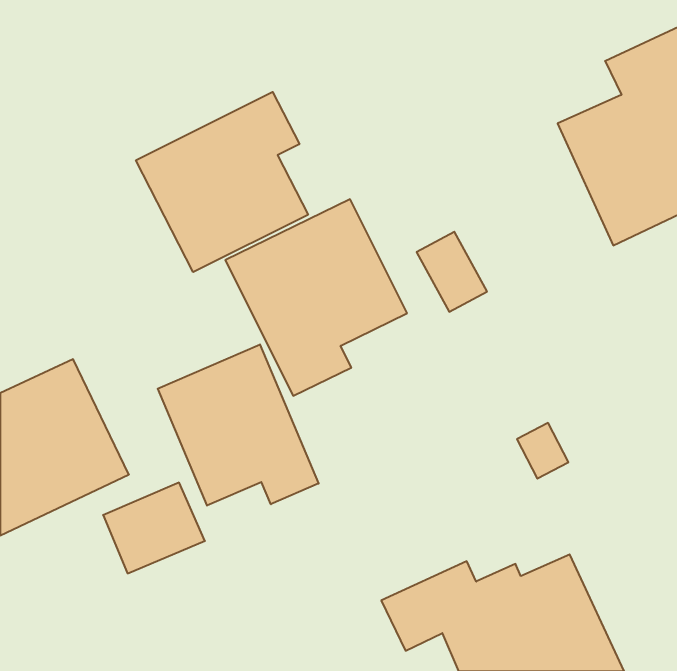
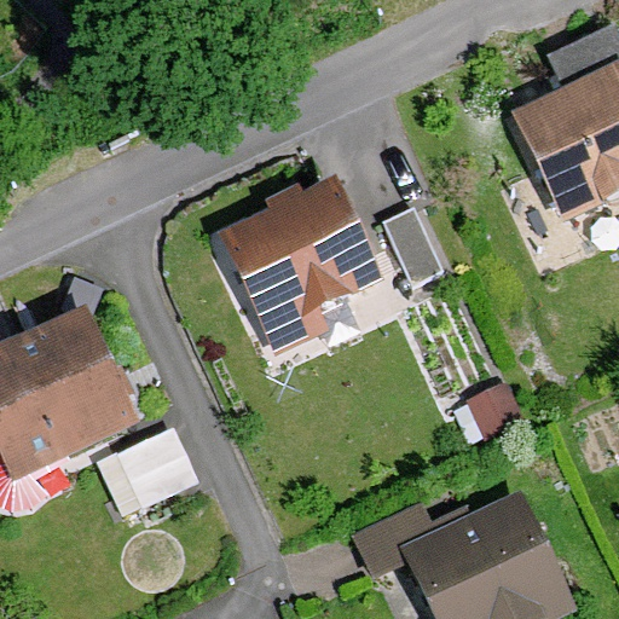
building: [136,92,308,272] -> none
building: [158,344,319,506] -> none

